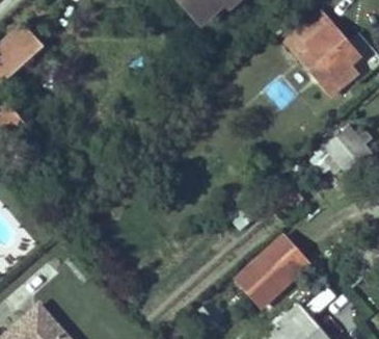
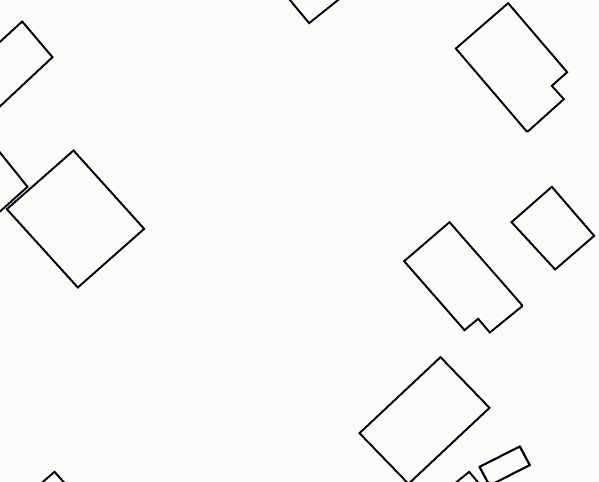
building: none -> [7,150,144,287]
building: none -> [404,222,522,333]

